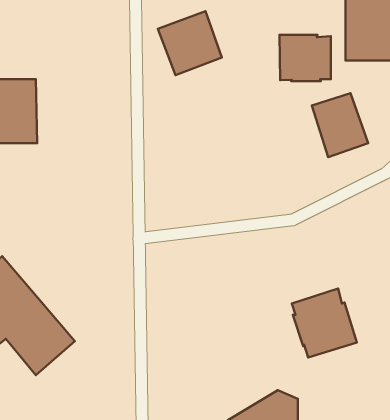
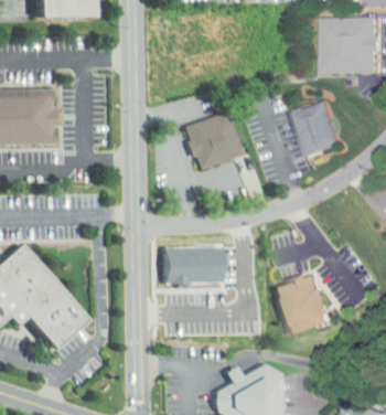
building: [158,11,222,75] -> [182,110,238,167]
building: [280,35,331,81] -> none
building: none -> [163,245,222,284]

